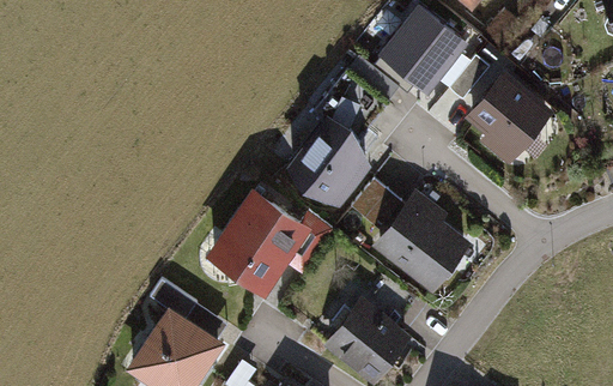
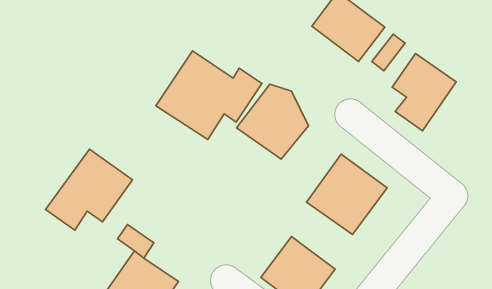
building: [352,177,403,228] -> none
building: [206,189,330,294] -> [156,51,262,139]
building: none -> [46,149,133,230]

